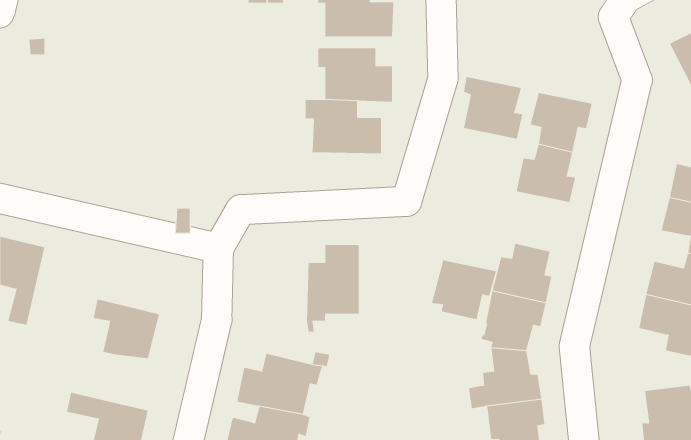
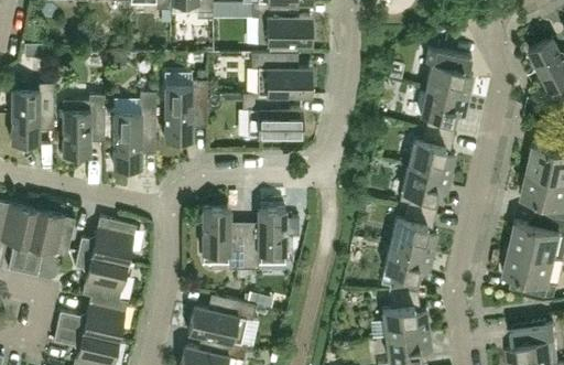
building: none -> [163,71,206,141]
building: [463,77,523,139] -> [425,47,473,97]
building: none -> [10,84,53,143]
building: none -> [112,93,155,167]
building: none -> [62,95,104,155]
building: none -> [202,208,243,269]
building: none -> [22,211,74,276]
building: none -> [77,217,135,264]
building: [431,260,497,320] -> [399,167,451,214]
building: none -> [56,296,127,340]

